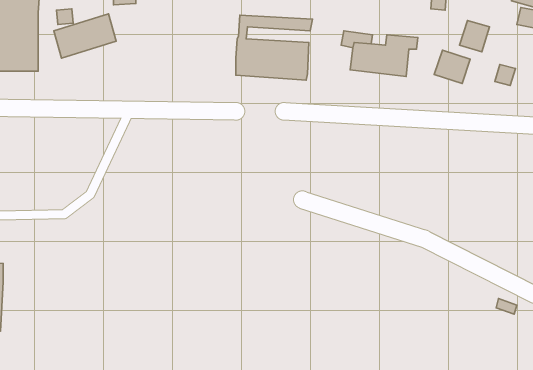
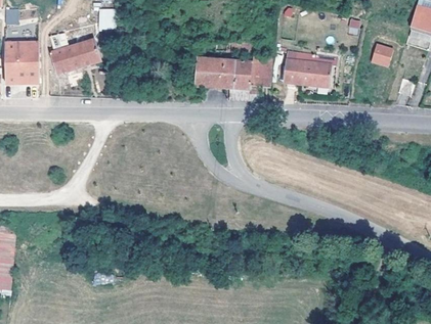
building: none -> [251,56,271,87]
building: [434,50,470,83] -> none

